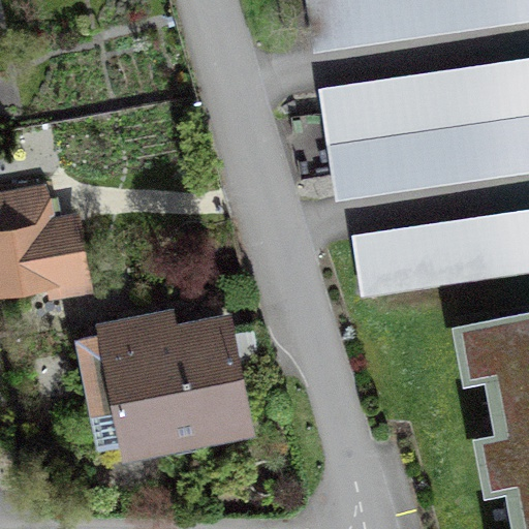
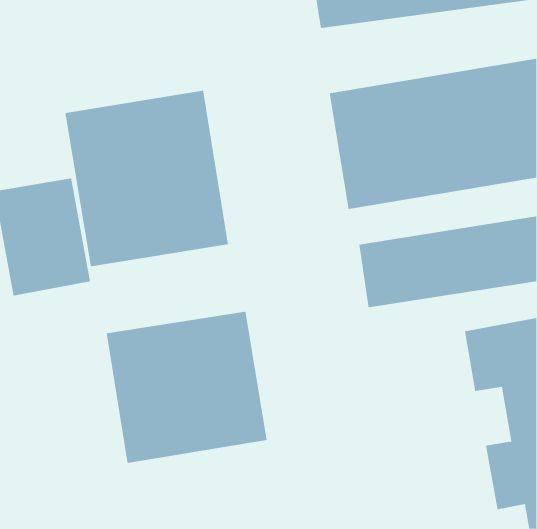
building: none -> [65,90,228,267]

